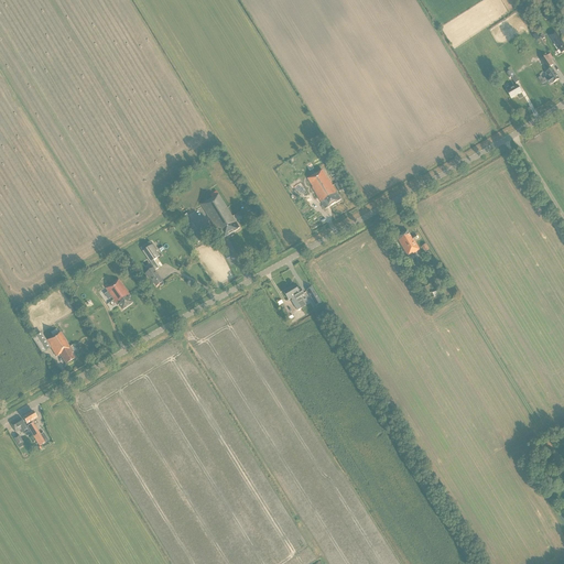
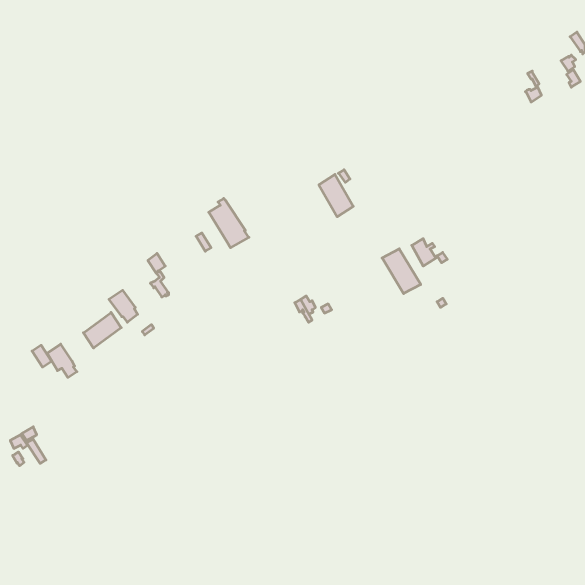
building: none -> [382,249,421,294]
building: none -> [83,312,121,348]

